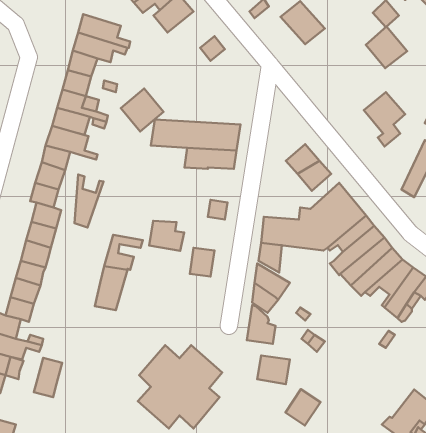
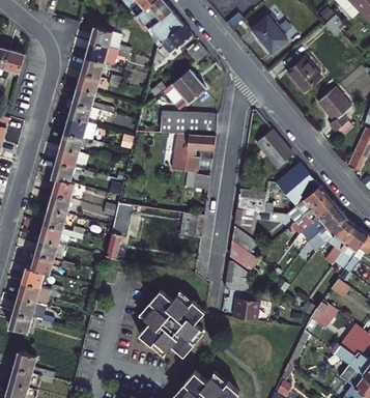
building: none -> [156,24,191,57]
building: [366,27,407,68] -> [289,56,322,89]
building: [121,89,164,131] -> [170,69,204,104]
building: [74,174,103,227] -> none
building: [149,221,184,251] -> [172,148,200,172]
building: [34,358,62,397] -> none
building: [285,389,320,426] -> [309,297,337,326]

